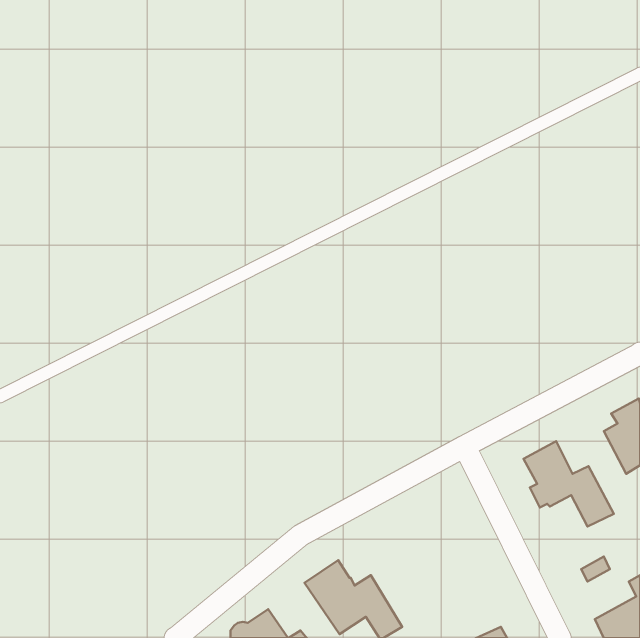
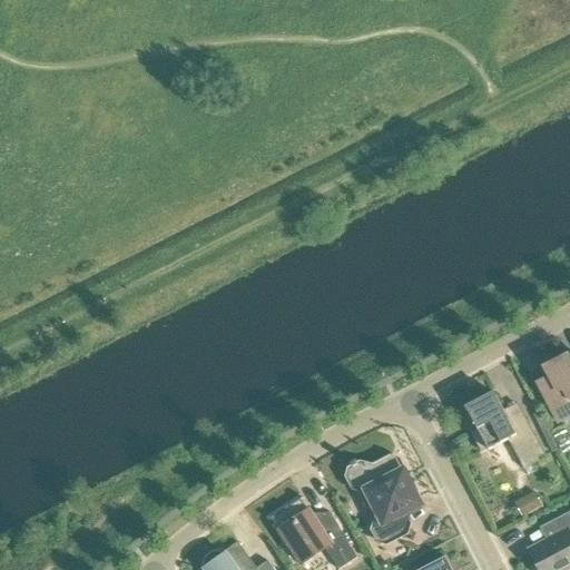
building: none -> [347,459,416,542]

